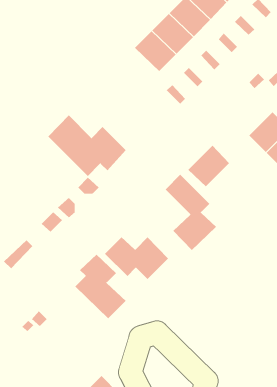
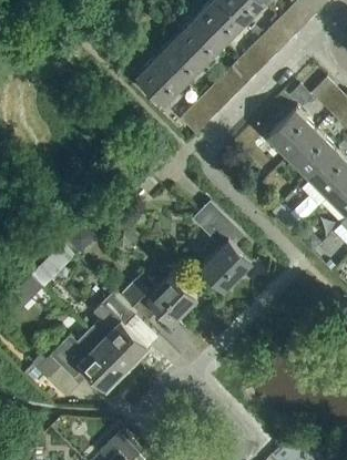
building: none -> [136,58,185,106]
building: [48,114,126,177] -> none
building: [187,145,230,187] -> [267,110,316,159]
building: none -> [50,333,126,390]

